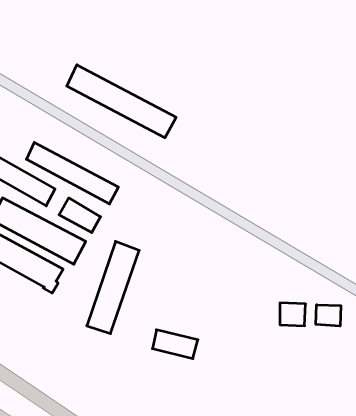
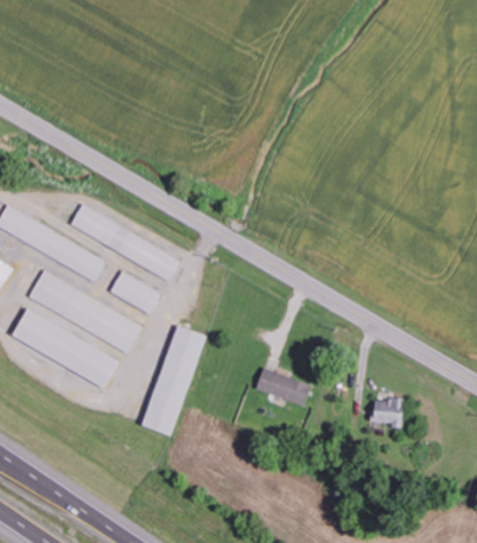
building: [67,65,176,138] -> none
building: [316,305,341,326] -> none
building: [152,330,198,359] -> [256,370,311,404]

